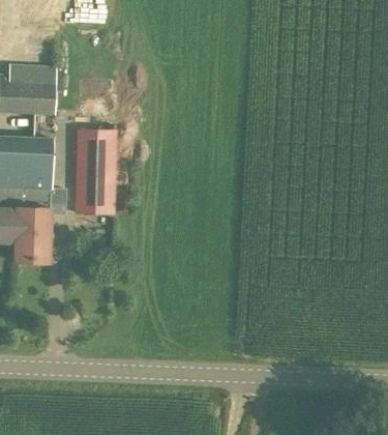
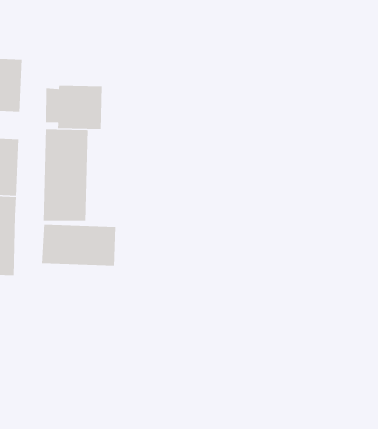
building: none -> [45,85,103,130]
building: none -> [41,224,116,267]

